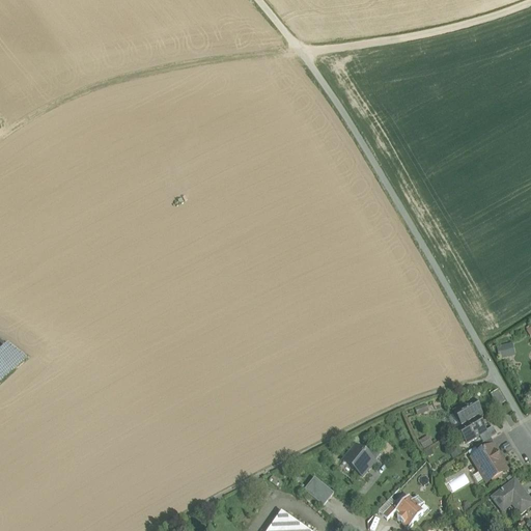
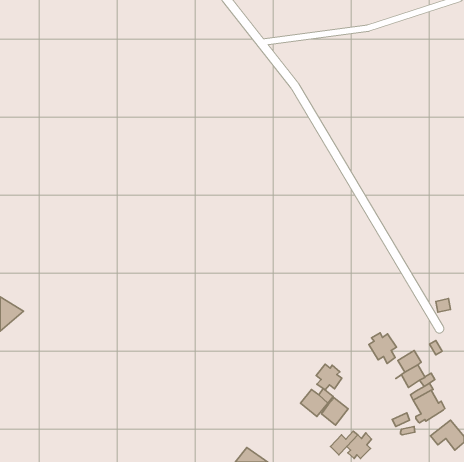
building: none -> [369,333,396,364]
building: none -> [316,364,342,390]
building: none -> [322,398,348,425]
building: [304,477,334,506] -> none

